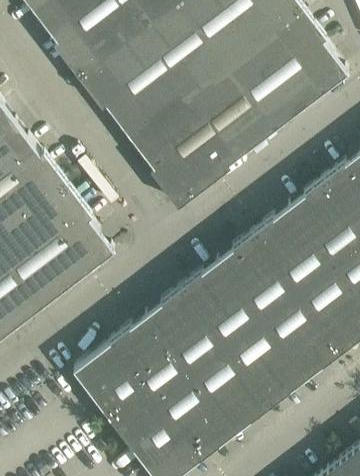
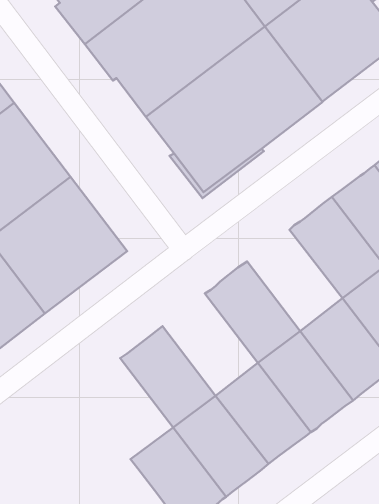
building: [217,234,298,320] -> none
building: [145,288,226,375] -> none
building: [73,343,154,429] -> none

